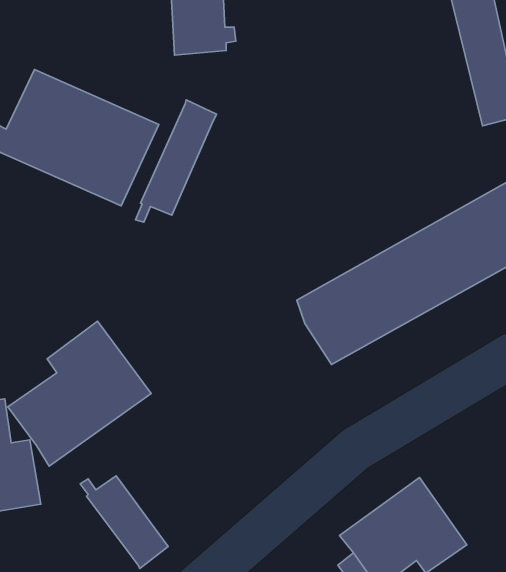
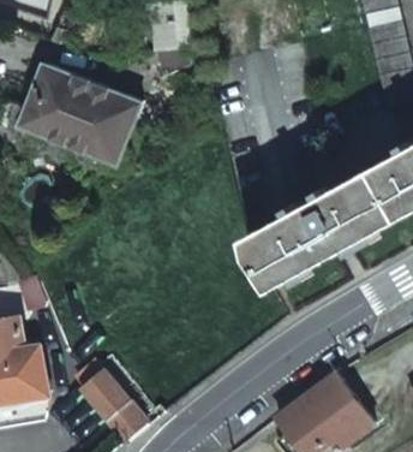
building: [135,100,216,222] -> none
building: [8,321,151,466] -> none

